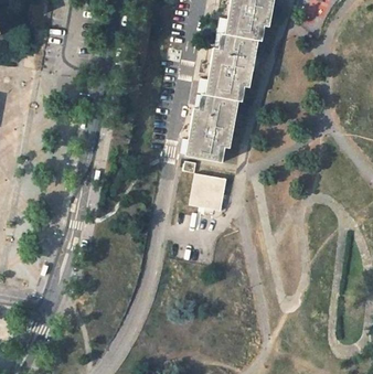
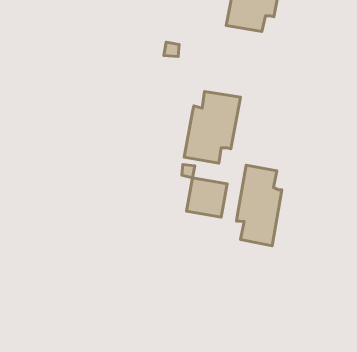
building: [204,34,257,100] -> none
building: none -> [236,165,282,246]

